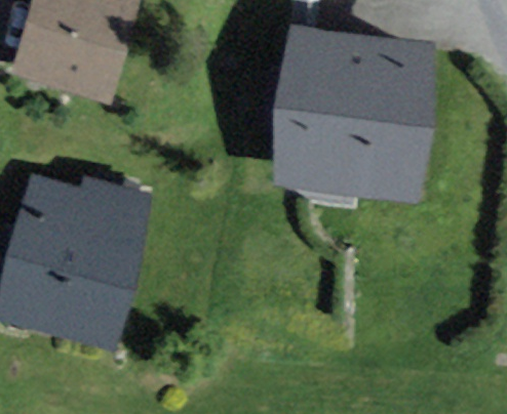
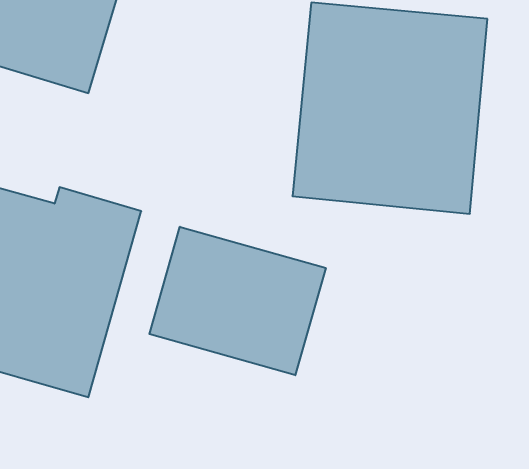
building: none -> [149,227,326,375]

